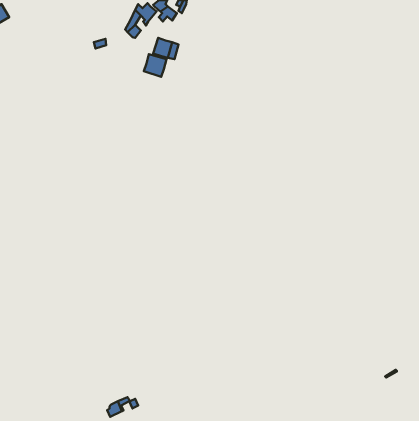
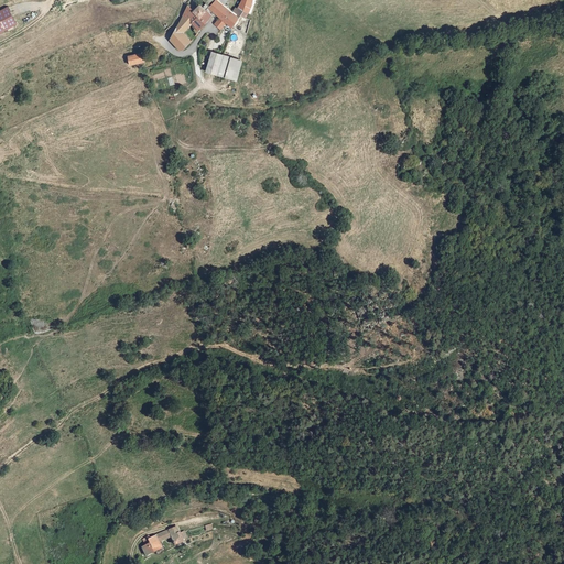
building: [144,54,167,77] -> none

